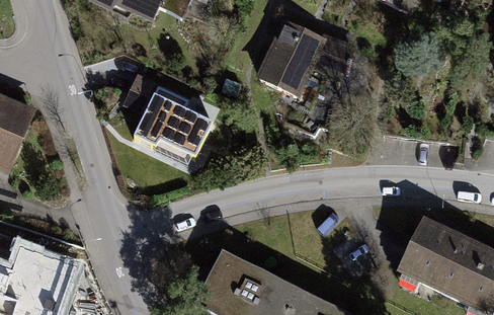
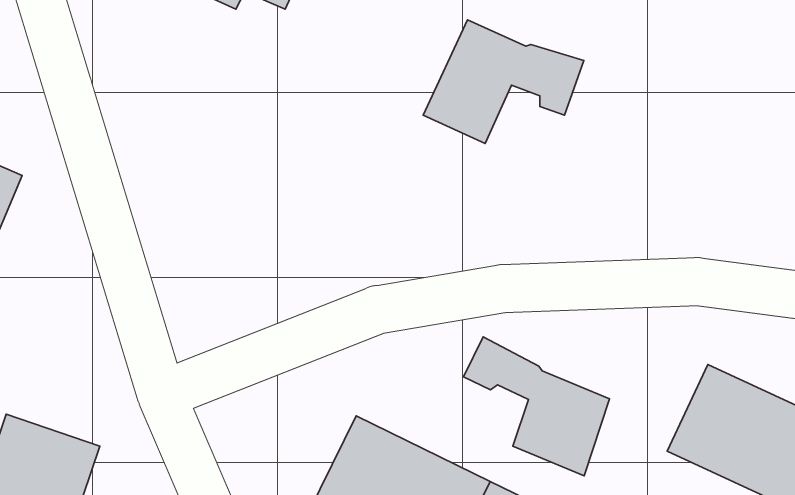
building: [130,77,211,155] -> none
building: none -> [464,337,609,476]

